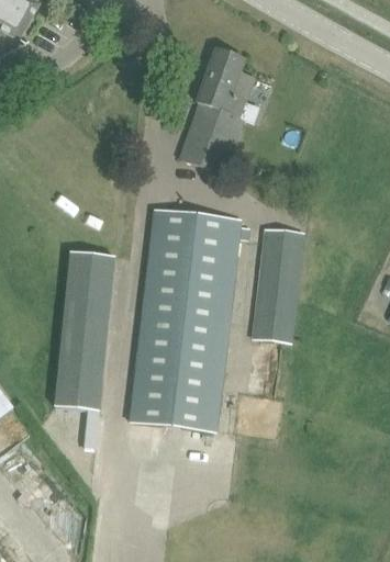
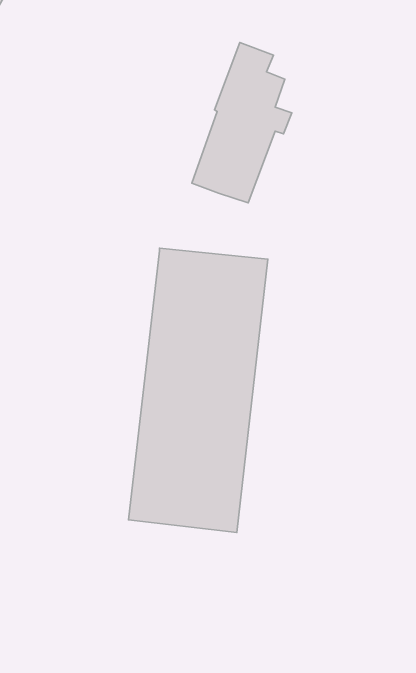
building: [255,228,304,342] -> none
building: [55,249,115,408] -> none

